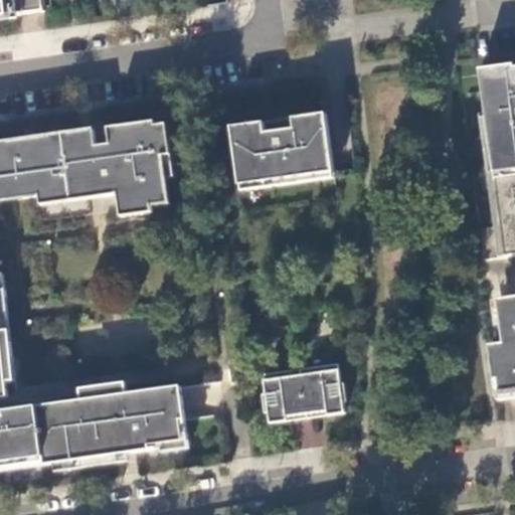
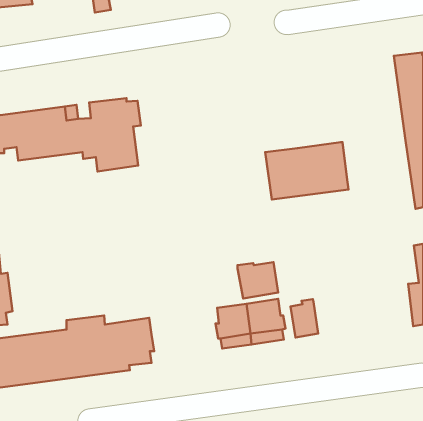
building: [230,111,331,180] -> [265,142,348,200]
building: none -> [237,262,278,298]
building: none -> [291,299,318,337]

